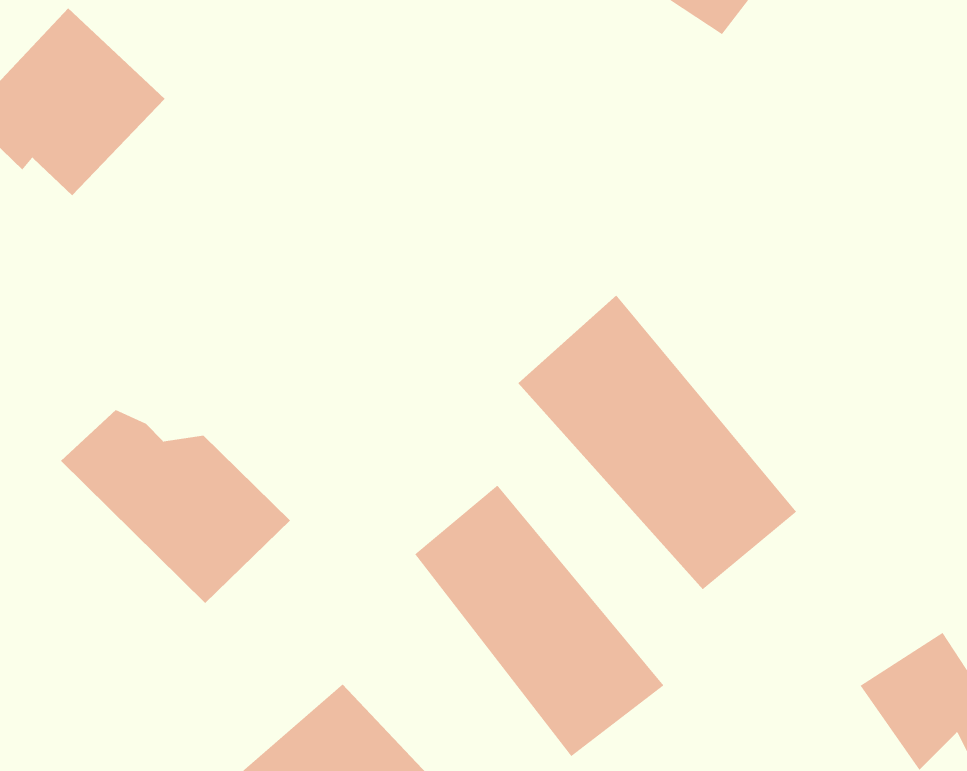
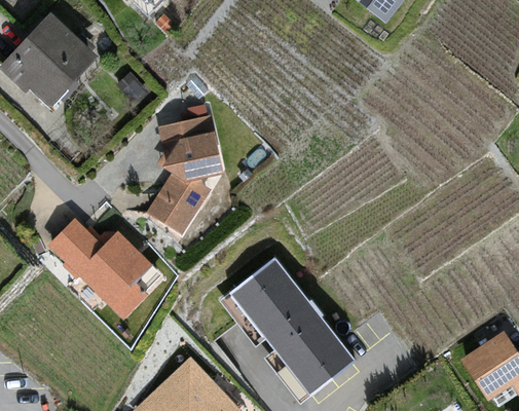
building: none -> [146,104,228,236]
building: [518,295,797,590] -> none

